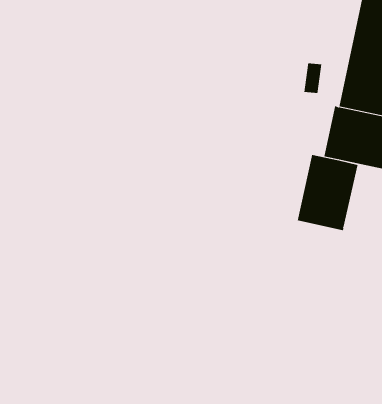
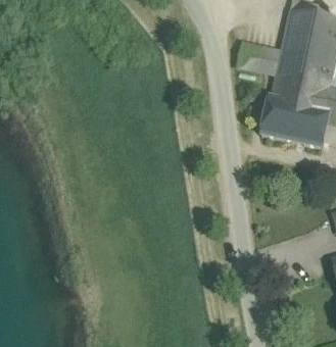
building: [297,154,358,231] -> none

